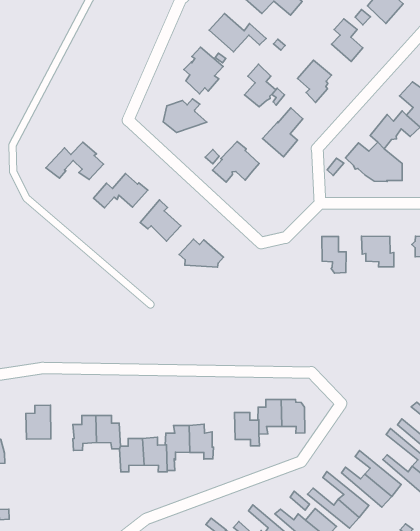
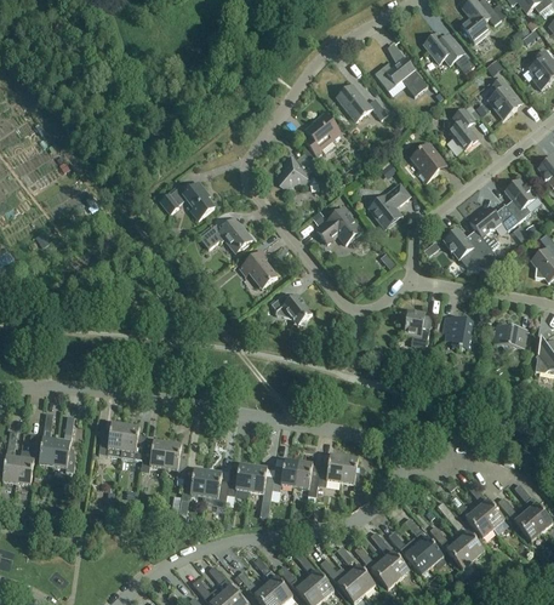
building: [245,64,276,107] -> none
building: none -> [120,424,145,460]
building: none -> [270,458,297,491]

